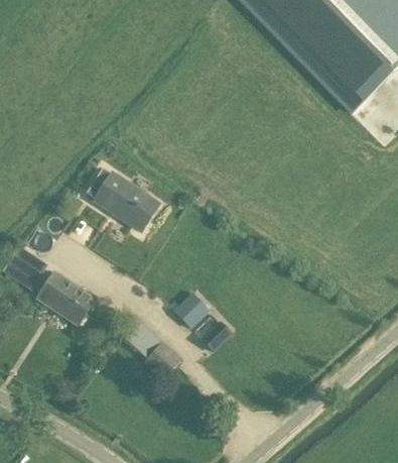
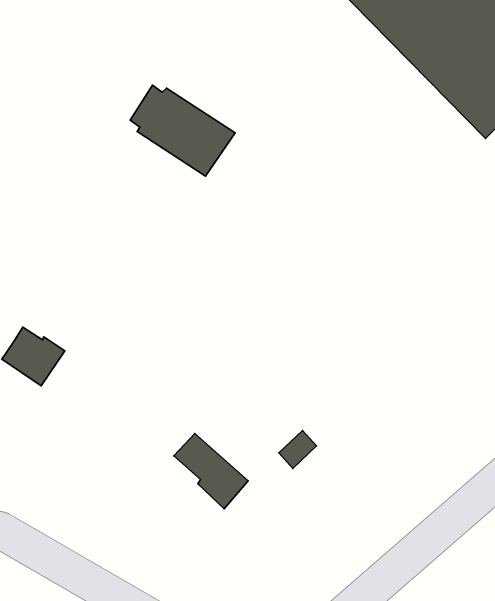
building: [86,167,161,233] -> [130,85,235,176]
building: [37,270,96,324] -> none
building: [173,295,208,329] -> none

